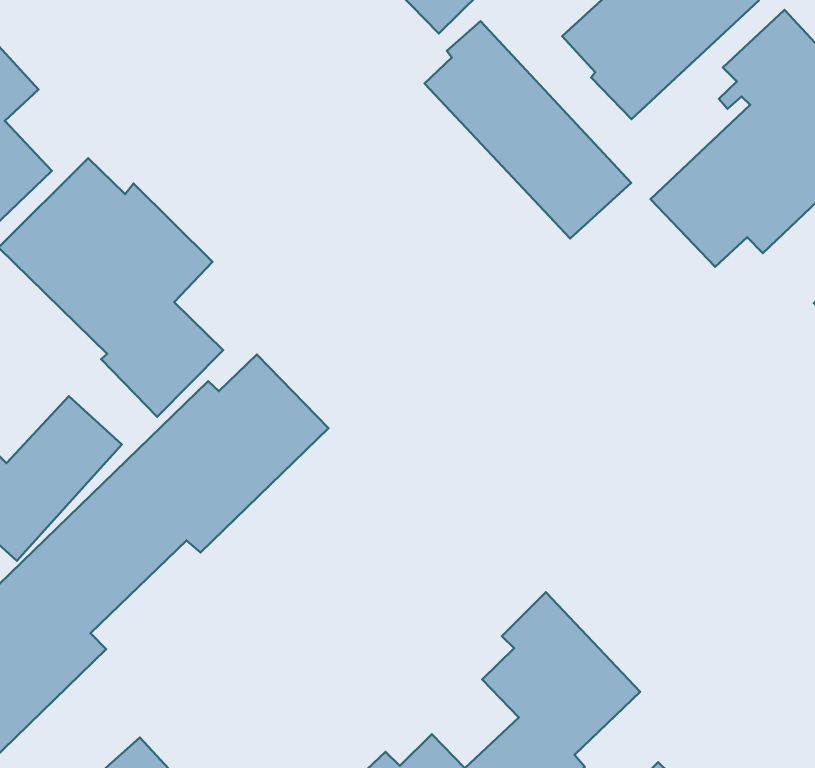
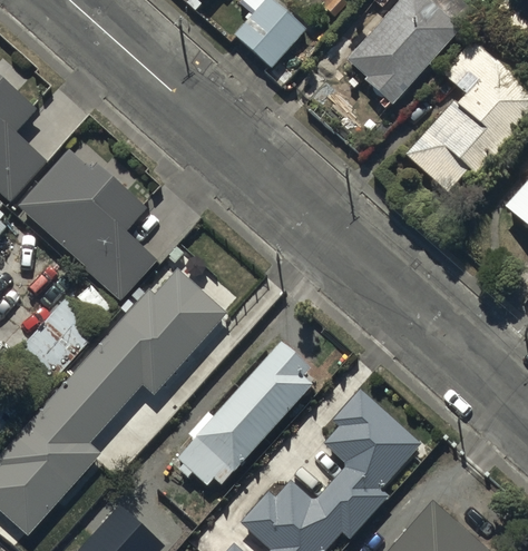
building: [424,21,631,239] -> none
building: none -> [178,350,313,489]

